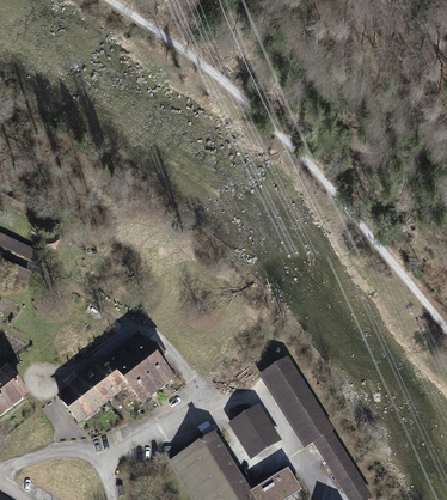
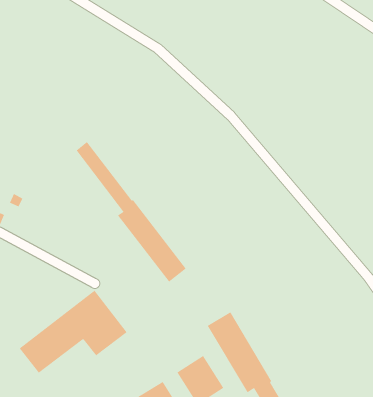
building: none -> [76,141,187,283]

